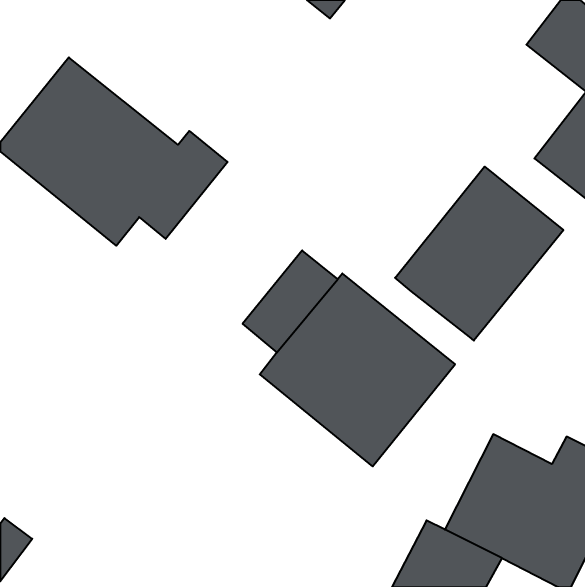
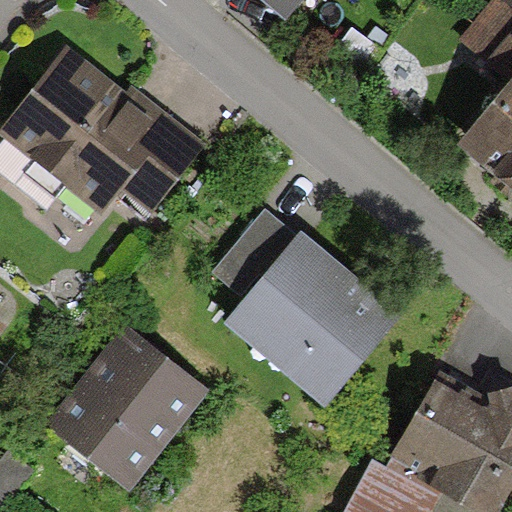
building: [395,167,563,341] -> none
building: none -> [51,338,203,494]

